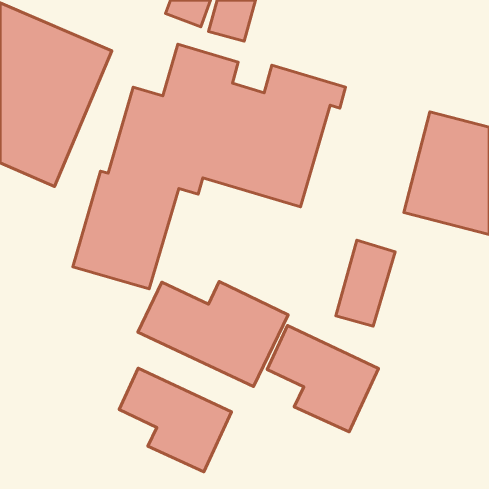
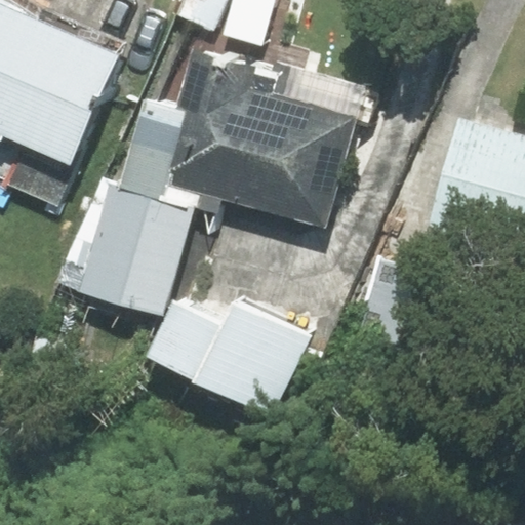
building: [267,326,378,432] -> none
building: [119,368,231,472] -> none

